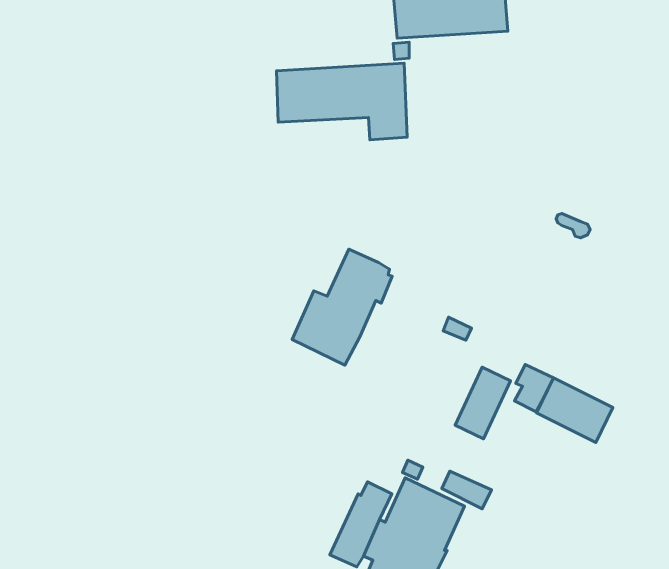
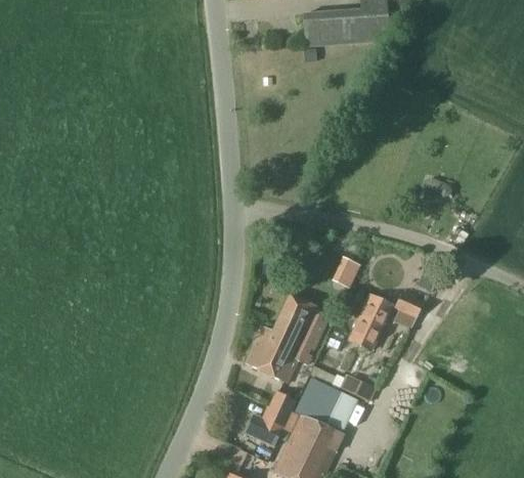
building: [276,63,407,140] -> none
building: [292,249,392,365] -> [246,294,321,382]
building: [536,378,613,443] -> none

